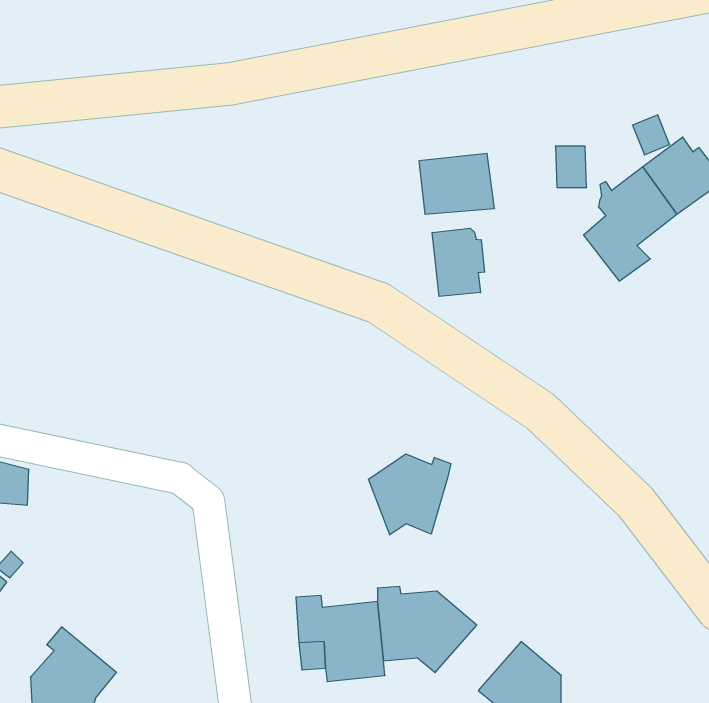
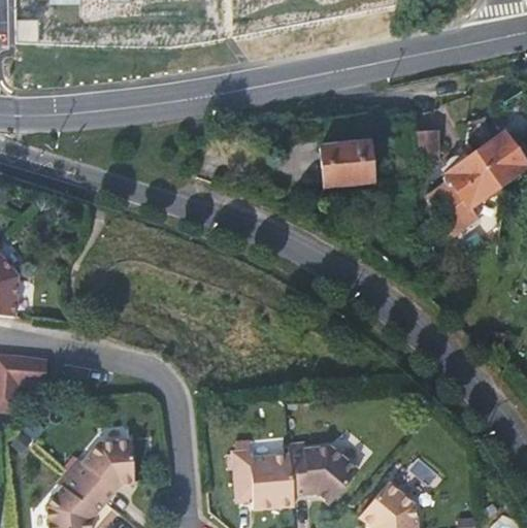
building: [432,228,484,296] -> none
building: [369,454,451,535] -> none
building: none -> [69,441,135,503]

